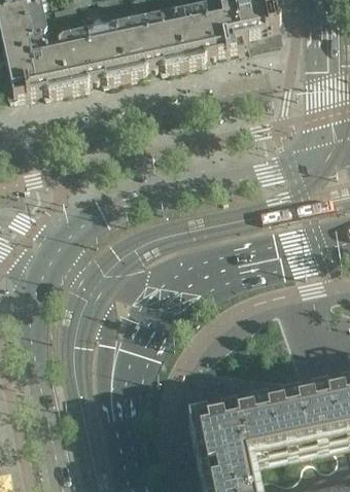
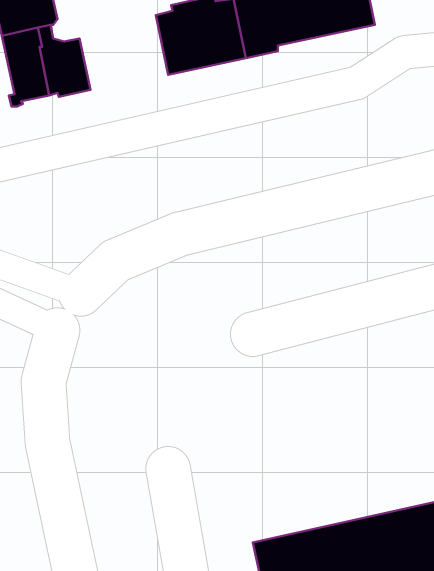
building: [61,27,127,84] -> none

